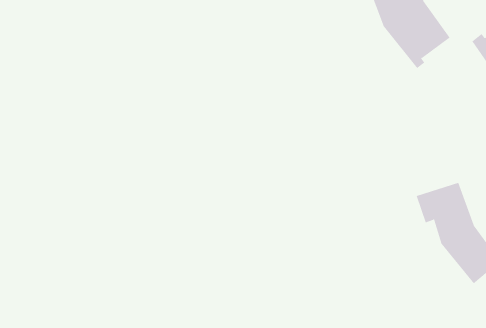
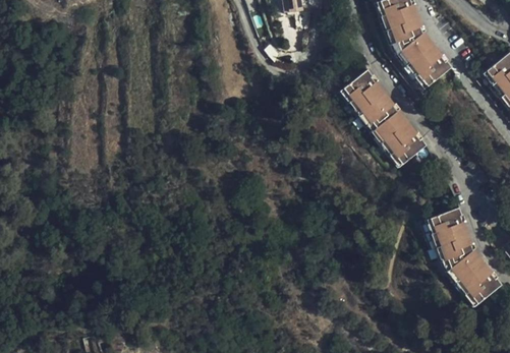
building: none -> [341,68,426,166]

